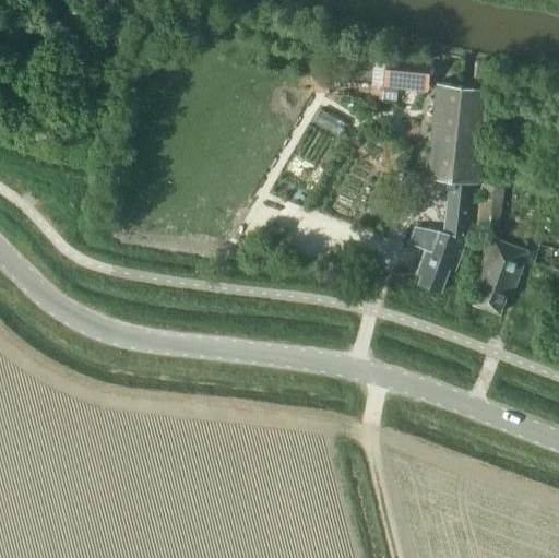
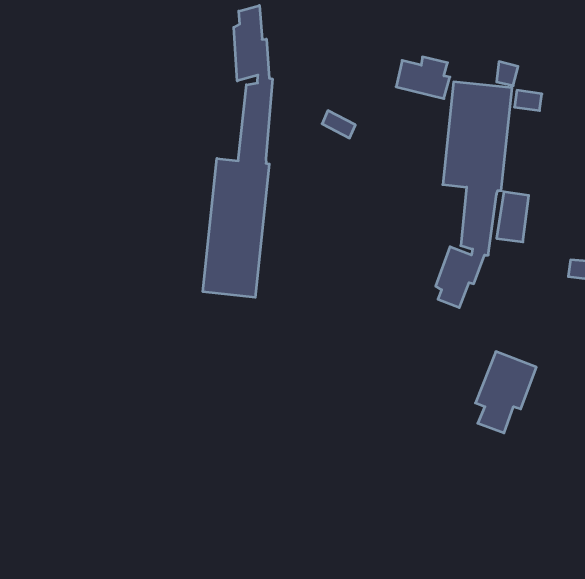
building: none -> [203,5,272,297]
building: [473,237,528,311] -> [475,352,536,433]

